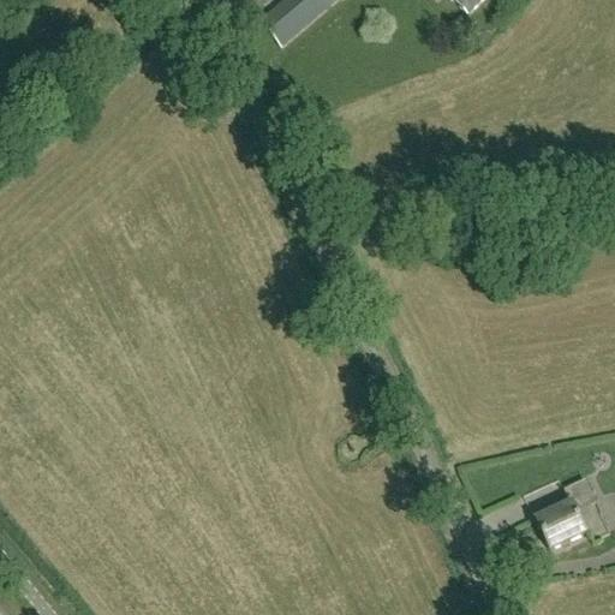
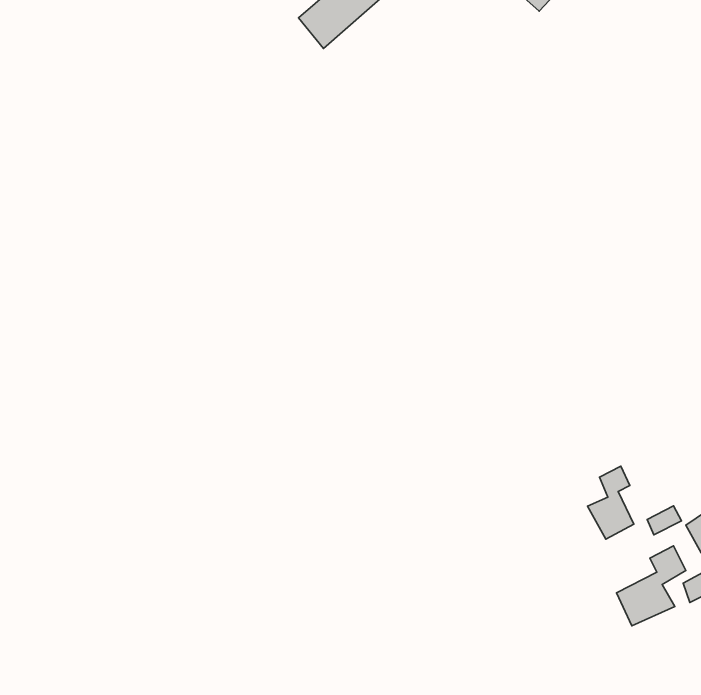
building: none -> [588,466,634,539]

